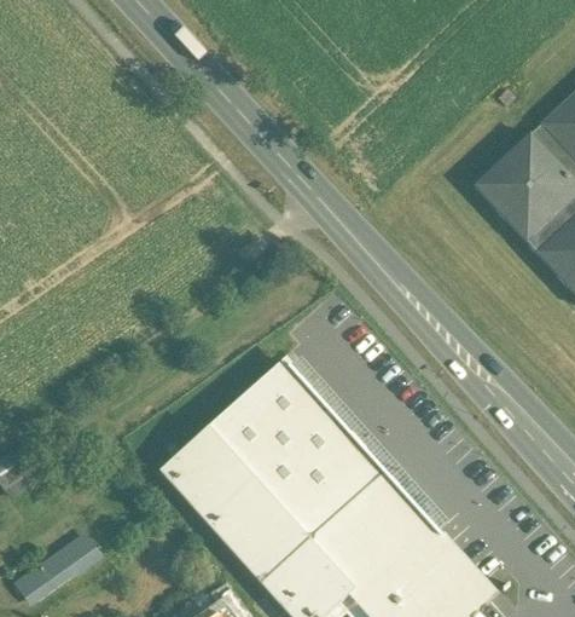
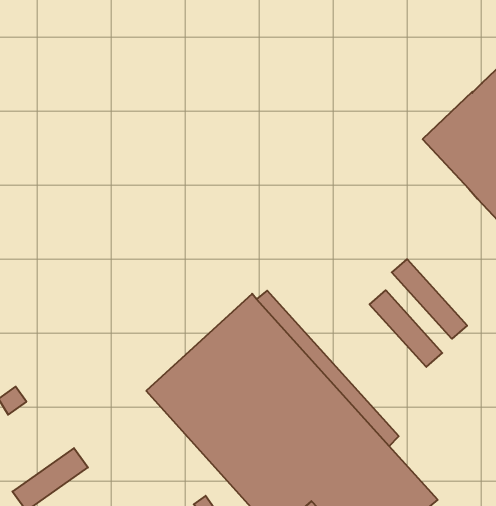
building: none -> [392,259,467,339]
building: none -> [370,290,442,367]

